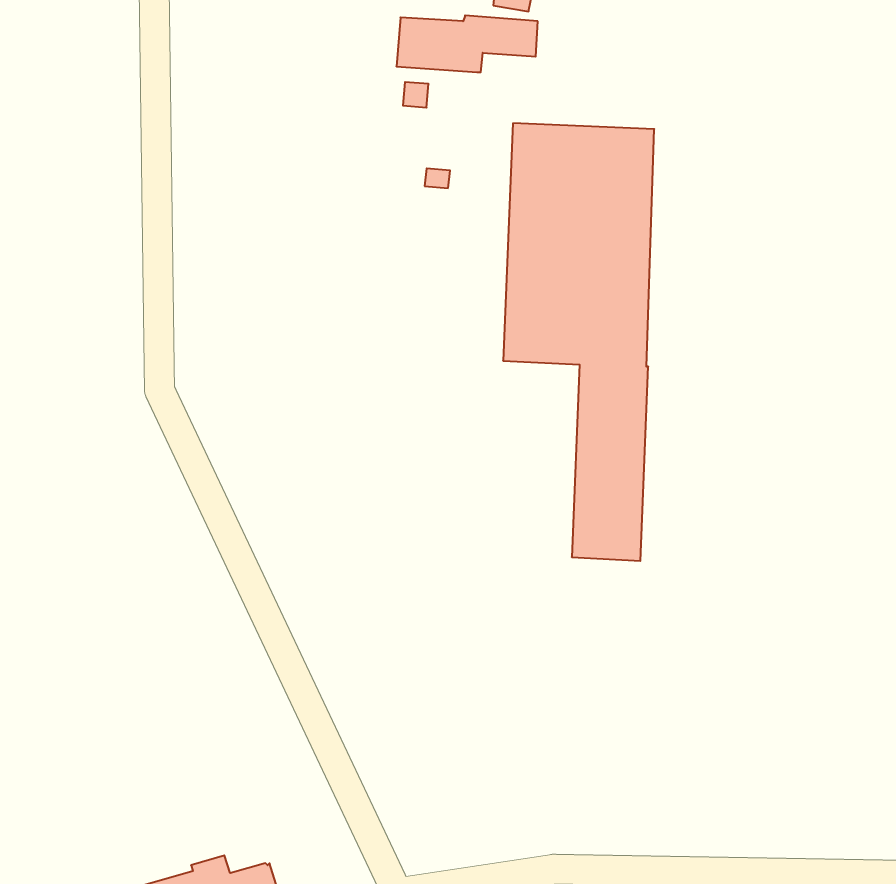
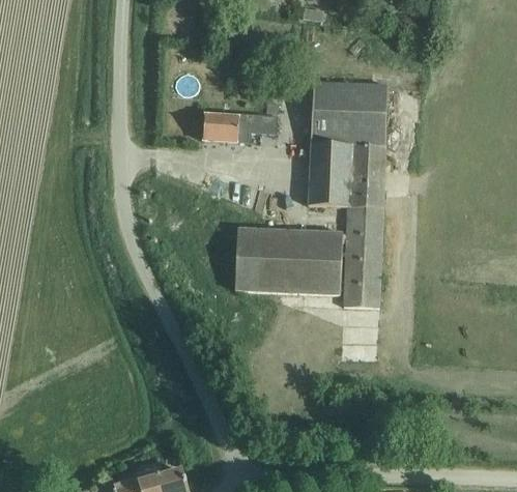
building: [396,15,538,72] -> [203,112,278,142]
building: none -> [235,227,343,294]

